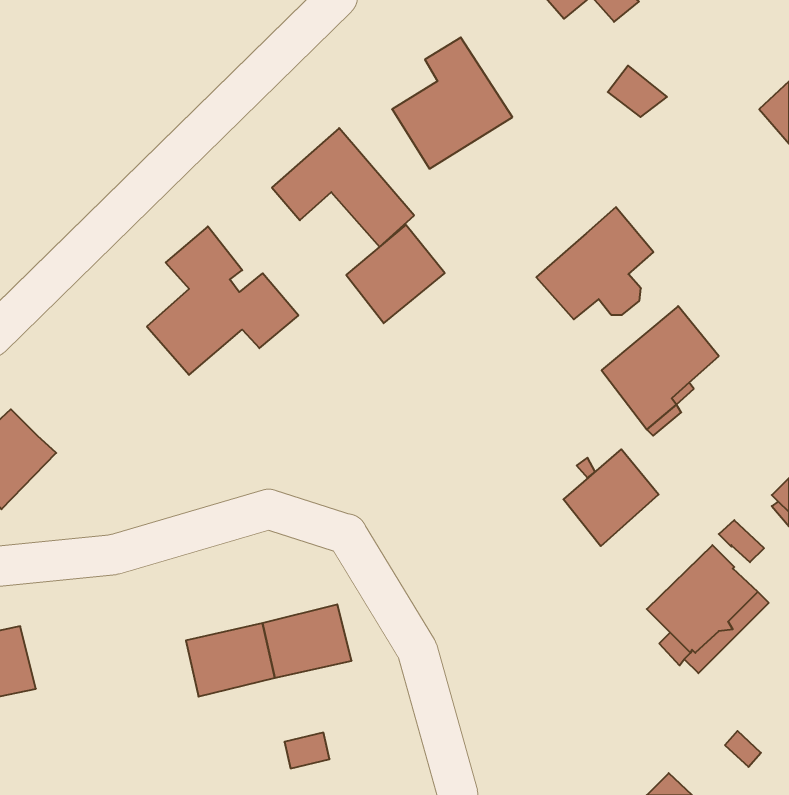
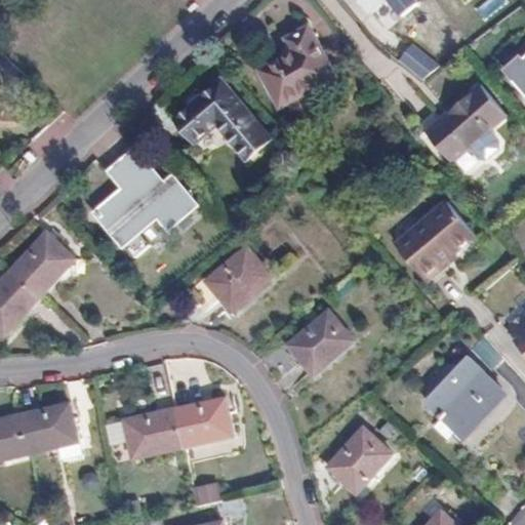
building: [536,207,653,319] -> [428,85,504,159]
building: [346,225,445,323] -> [204,245,269,310]
building: none -> [7,231,73,297]
building: [563,449,659,546] -> [288,312,351,375]
building: none -> [13,401,73,459]
building: none -> [327,429,392,493]

